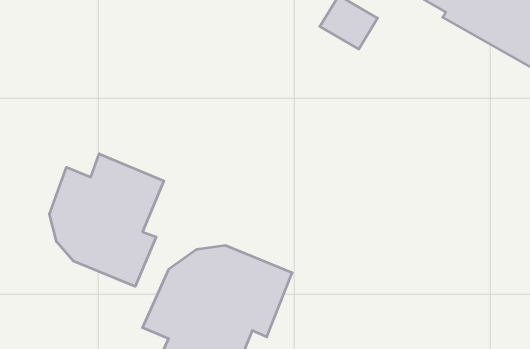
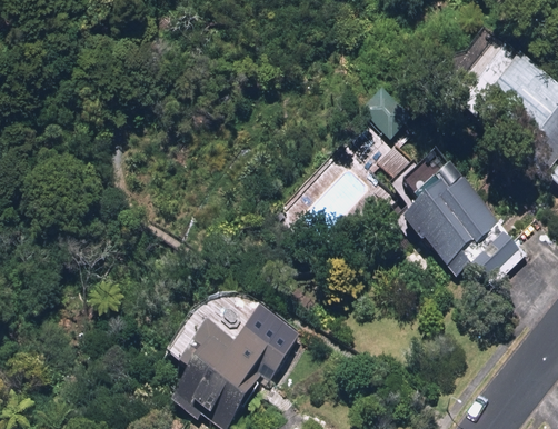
building: none -> [402,156,529,285]
building: [49,154,164,286] -> none

